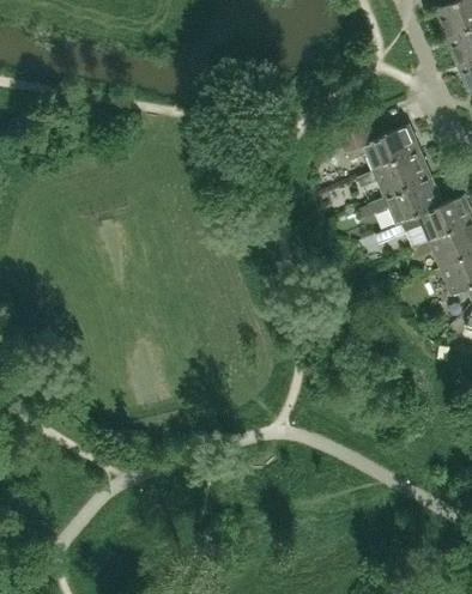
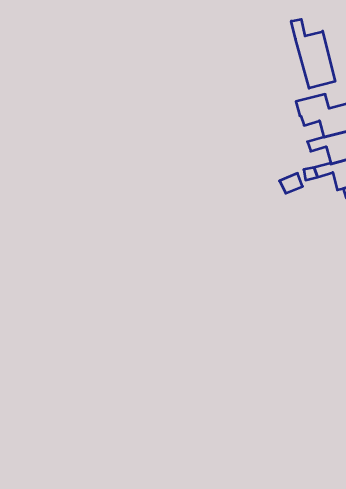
building: none -> [291,19,335,88]

